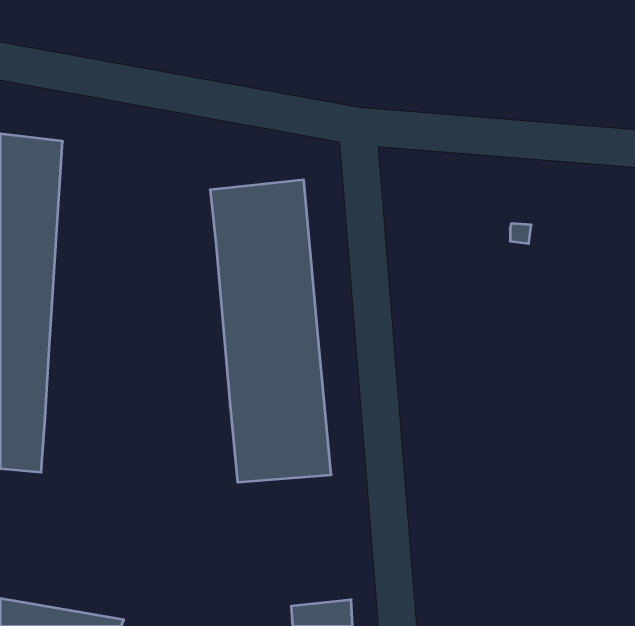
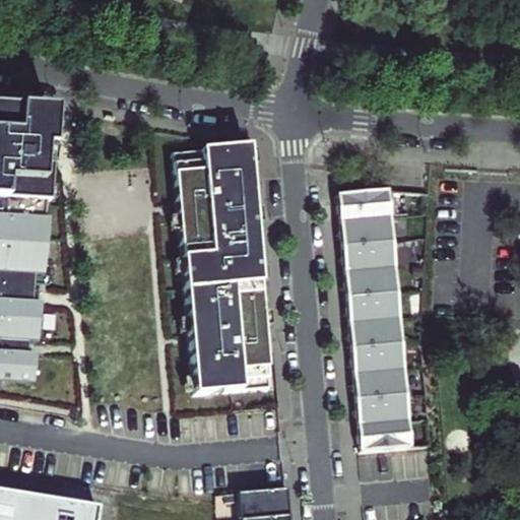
building: none -> [339,183,413,451]

